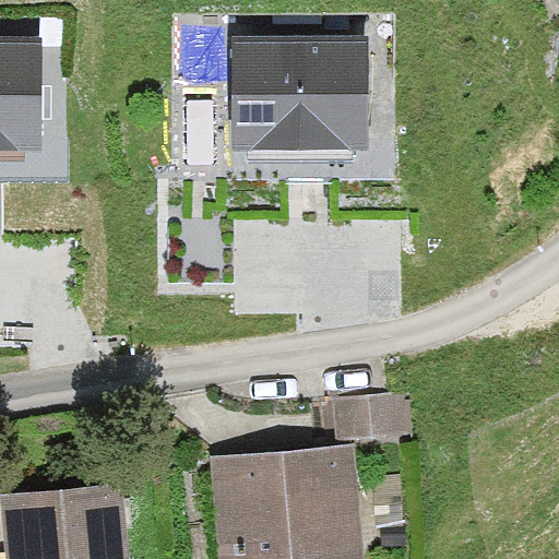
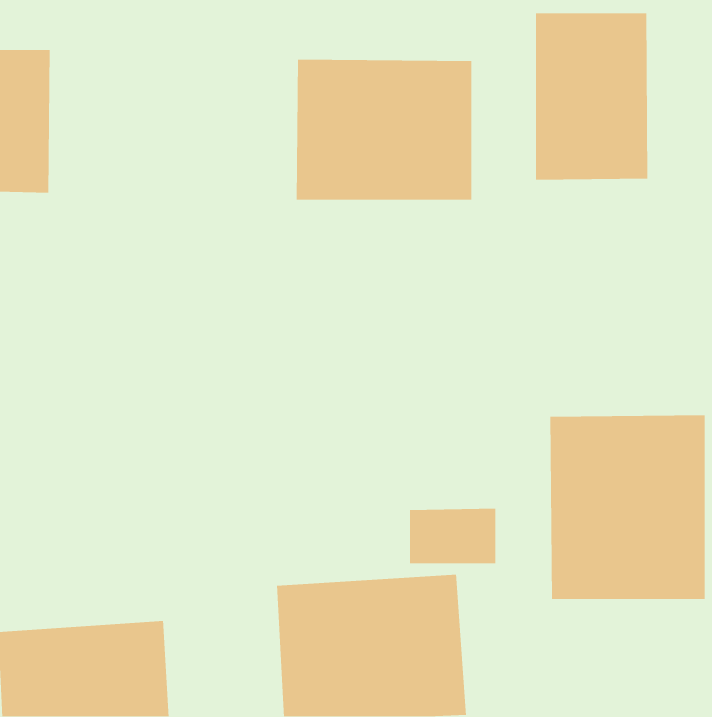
building: none -> [535,13,648,181]
building: none -> [550,415,705,600]

